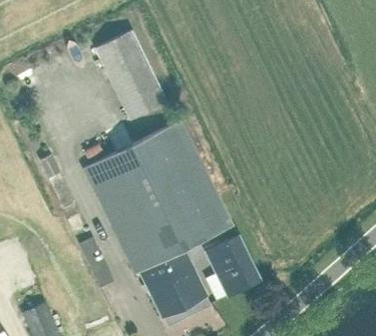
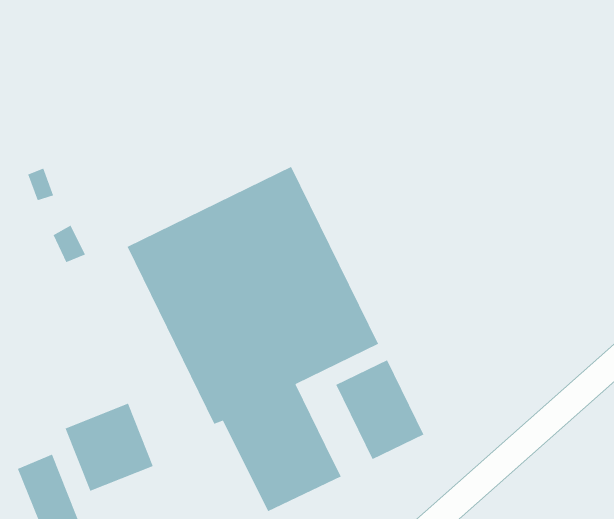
building: [96,30,167,120] -> none
building: none -> [65,403,154,492]

